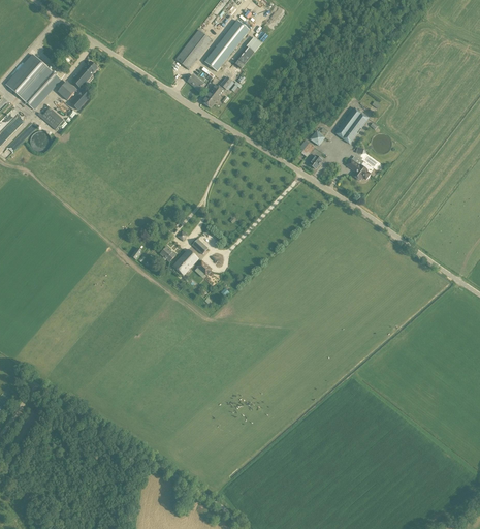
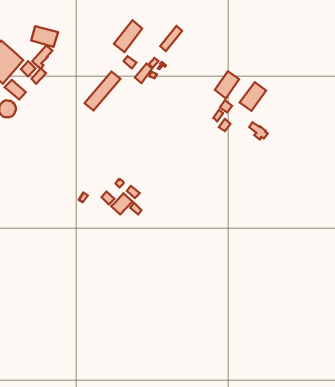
building: [204,20,250,69] -> [85,71,120,111]
building: none -> [31,26,58,47]
building: none -> [215,71,239,98]

